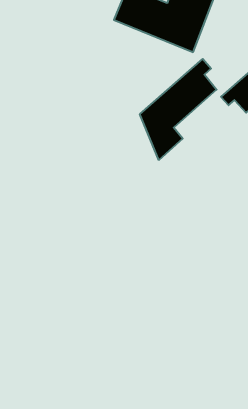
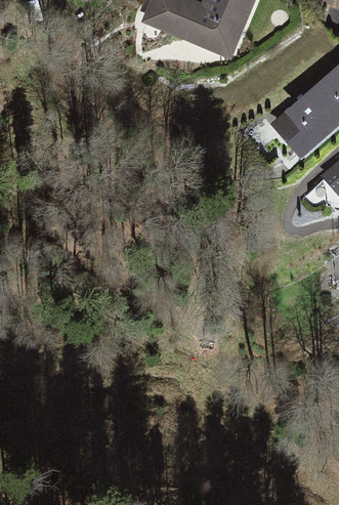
building: [140,59,217,160] -> none

